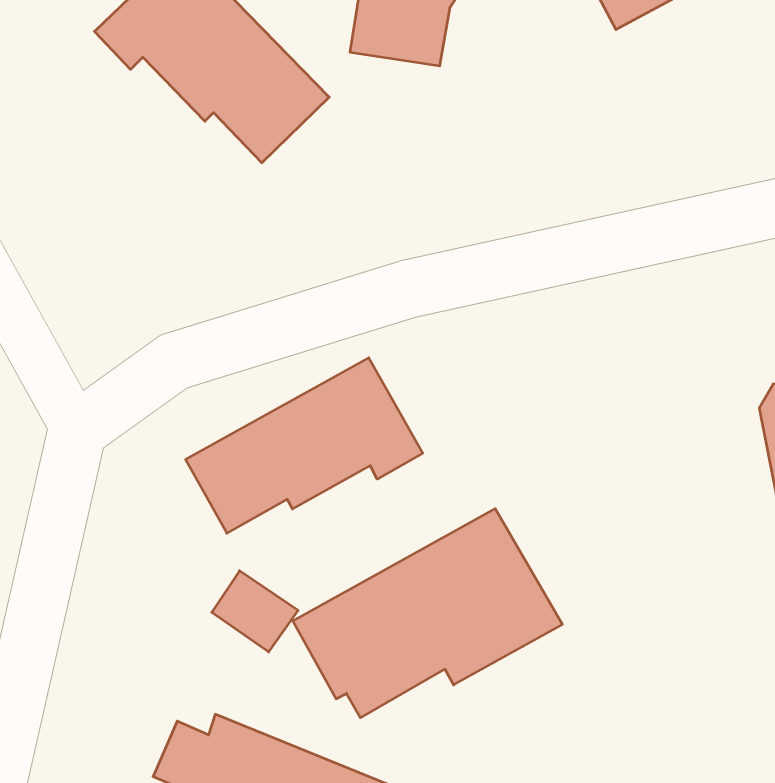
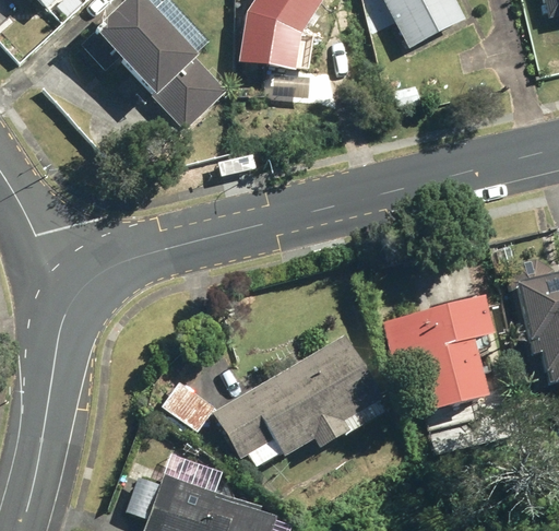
building: [186,358,423,533] -> none
building: none -> [380,298,488,416]

